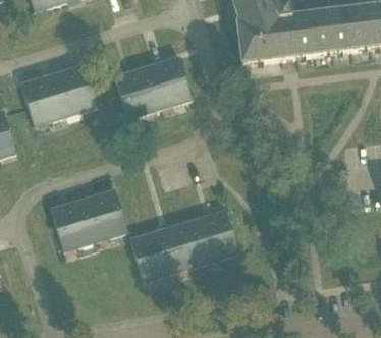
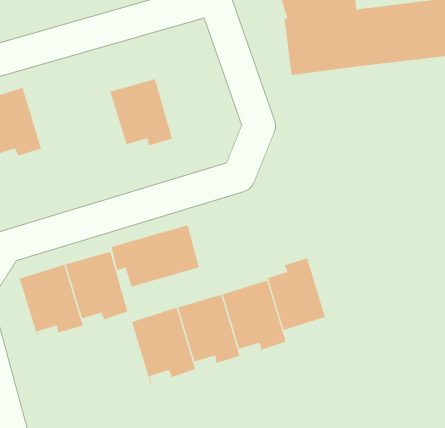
building: [147,56,192,109] -> none
building: [53,63,98,116] -> none
building: none -> [111,225,200,290]
building: none -> [265,258,325,331]

